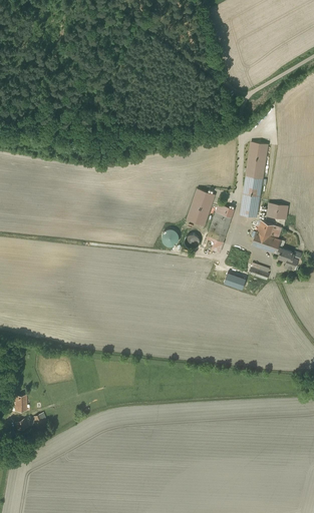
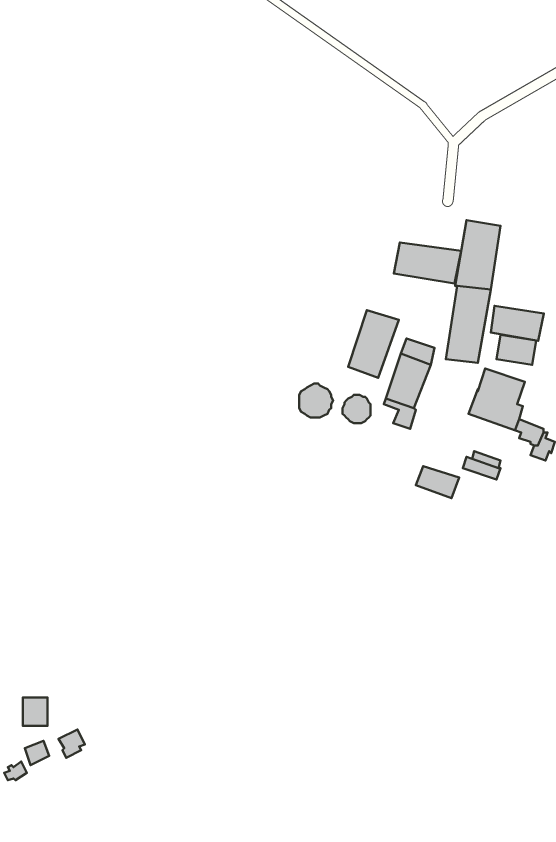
building: none -> [394,243,461,283]
building: none -> [491,306,544,341]

